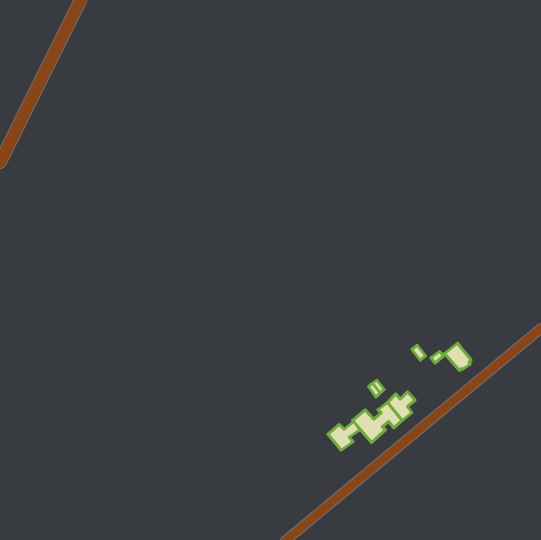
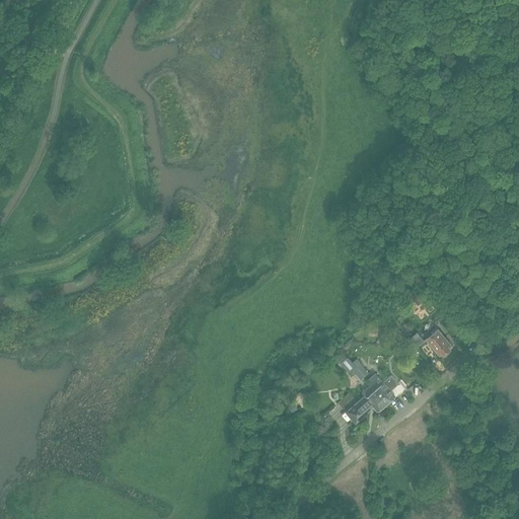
building: [328,422,360,450] -> none

